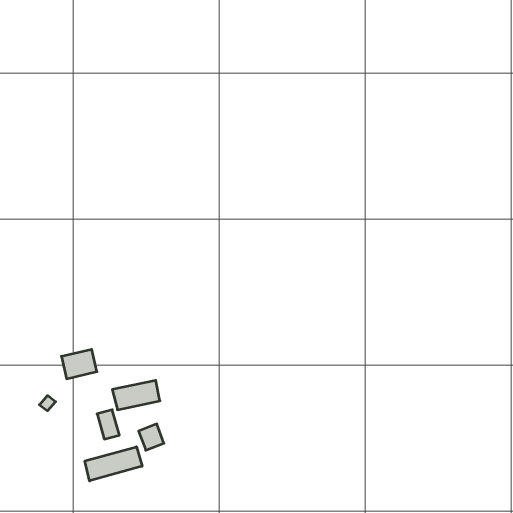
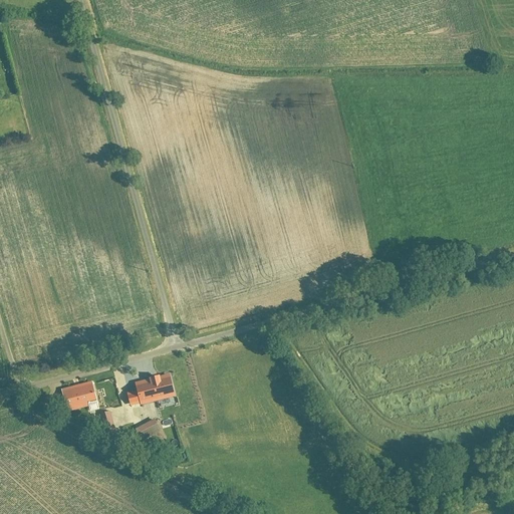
building: [61,349,97,379] -> [65,379,100,409]
building: [85,447,142,481] -> none

